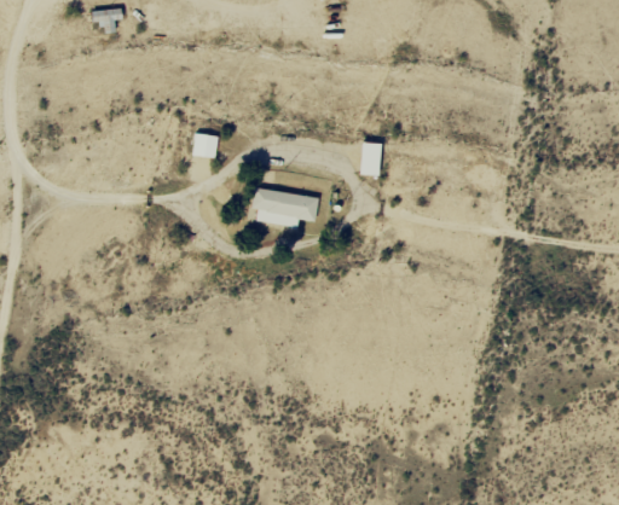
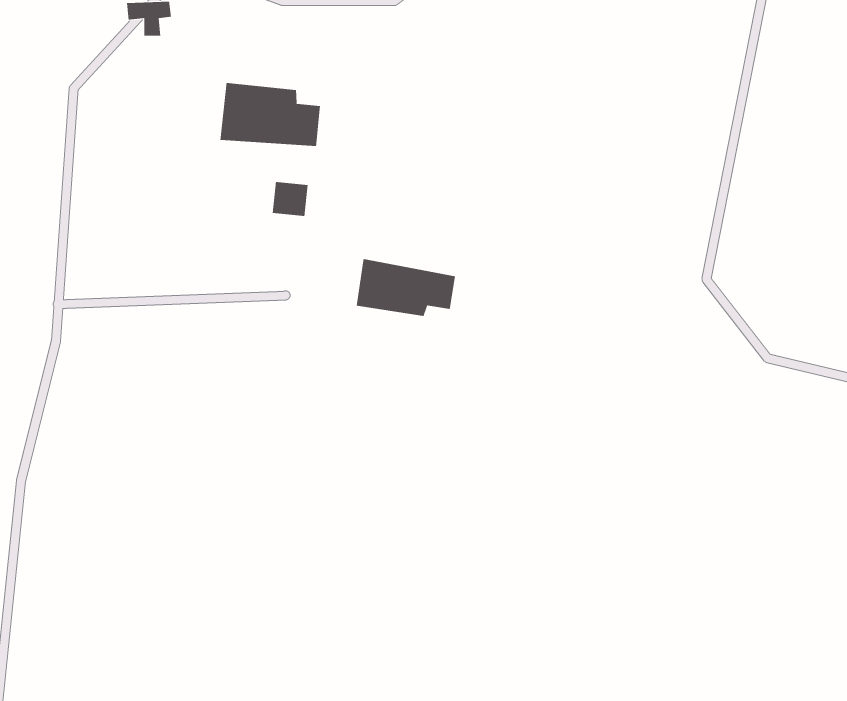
building: none -> [220,82,321,147]
building: [360,141,381,175] -> none

